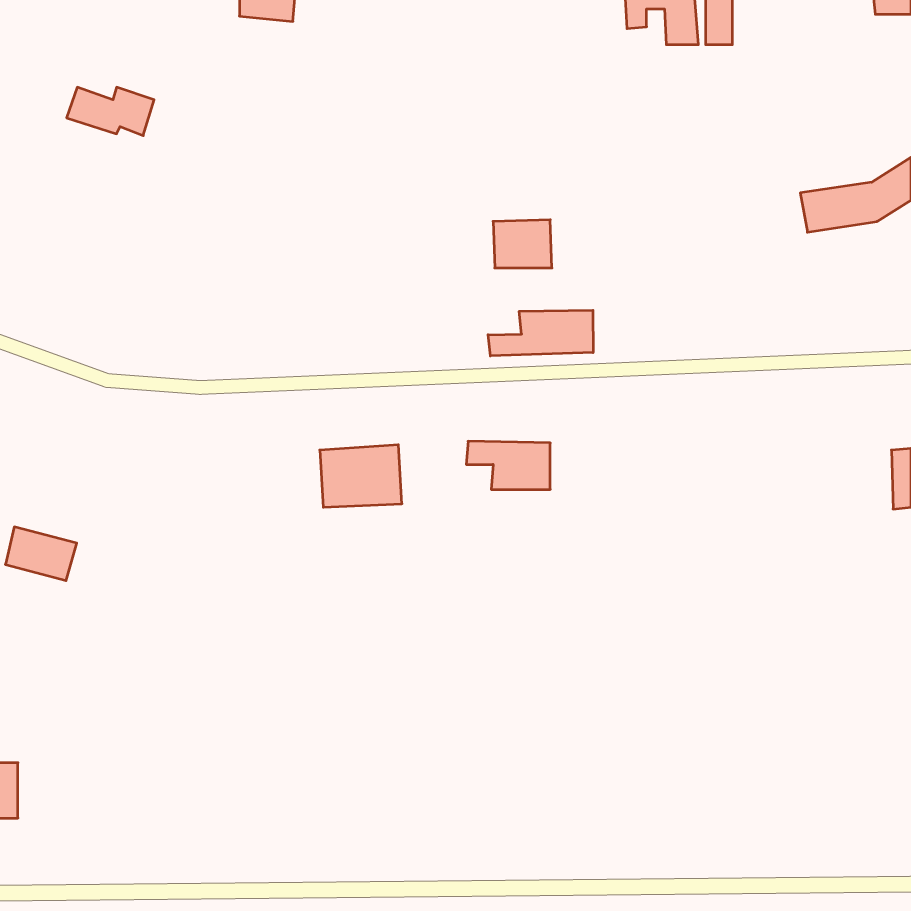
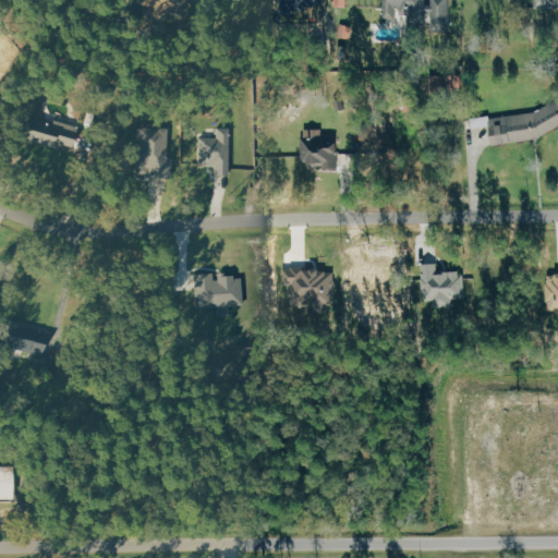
building: [67,87,154,136] -> [24,117,77,146]
building: none -> [134,126,174,178]
building: none -> [199,130,228,173]
building: [488,310,593,356] -> none
building: none -> [422,262,468,304]

